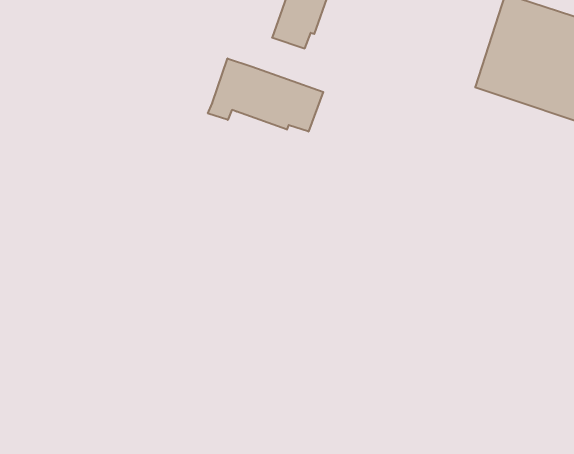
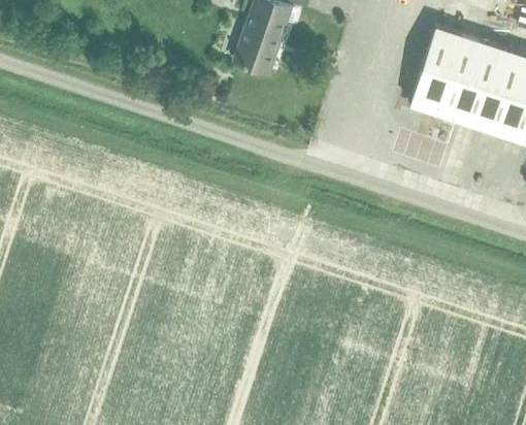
building: [208,58,323,132] -> none

